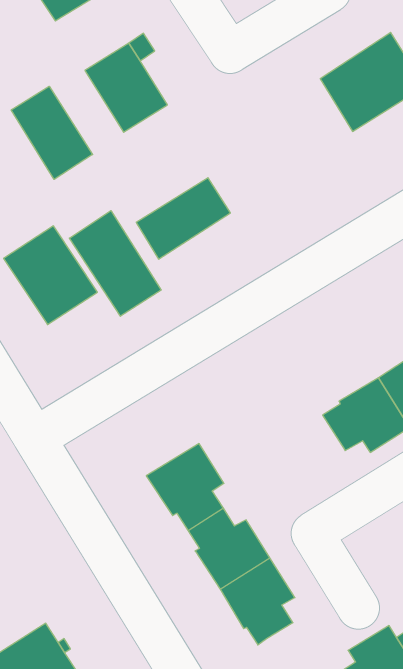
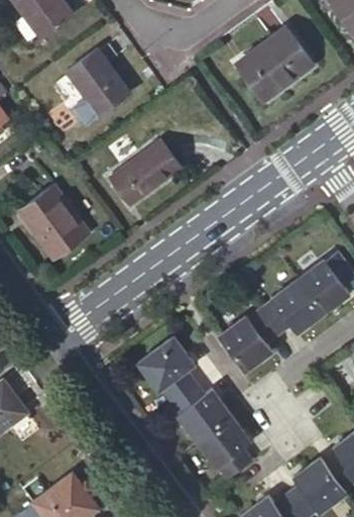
building: [11,86,93,179] -> none
building: [69,211,161,316] -> none
building: none -> [217,309,277,371]

